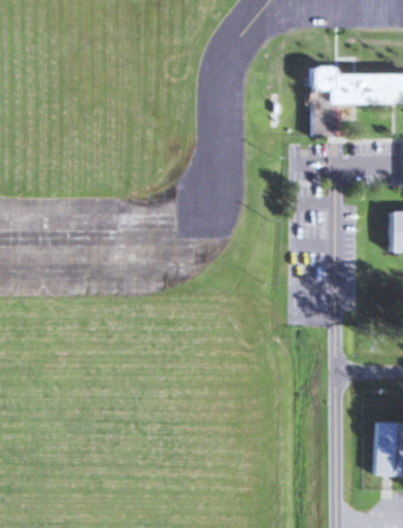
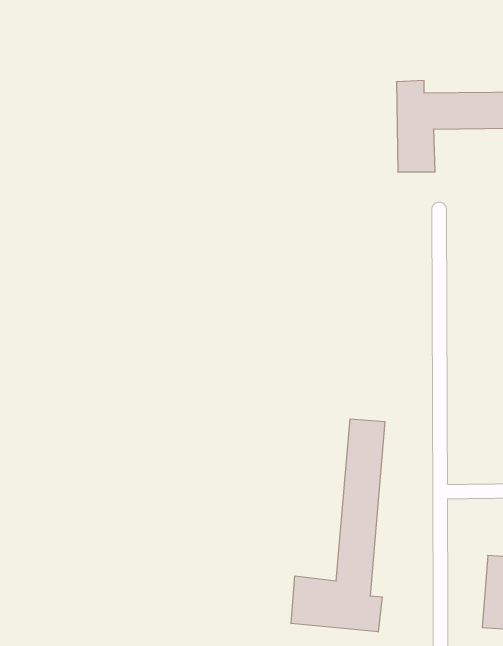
building: none -> [291,419,385,632]

